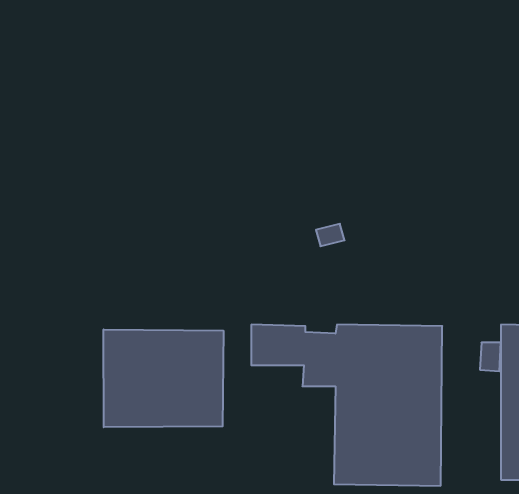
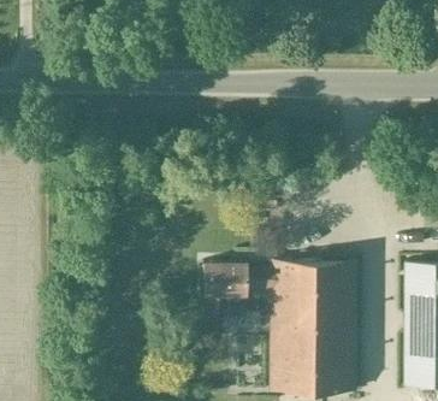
building: [104,329,223,427] -> none

